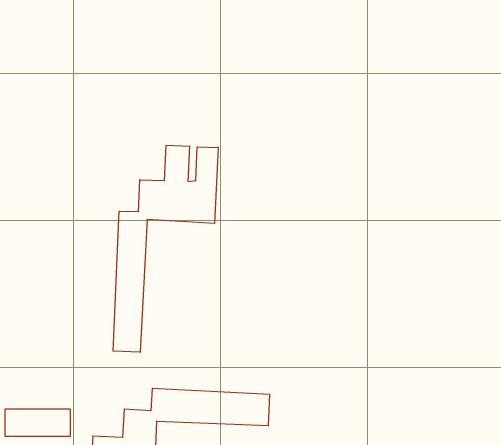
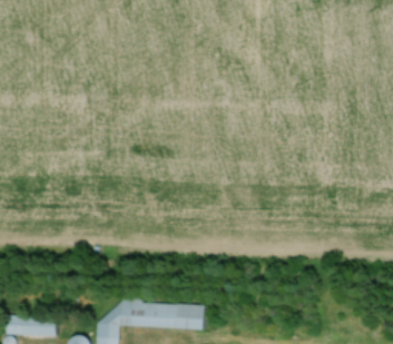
building: [113,145,218,352] -> none

